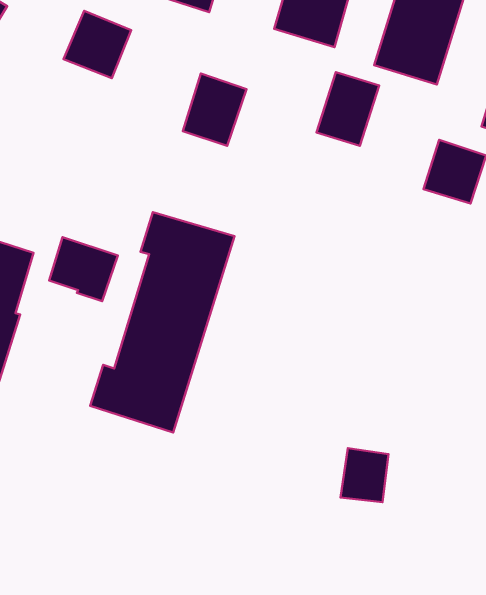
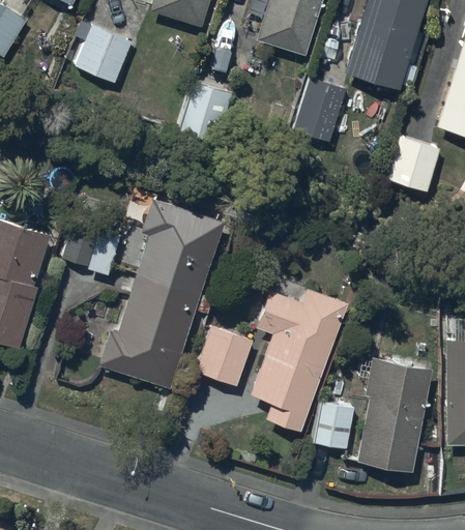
building: none -> [252,289,348,432]
building: none -> [192,324,254,388]
building: none -> [357,356,431,471]

